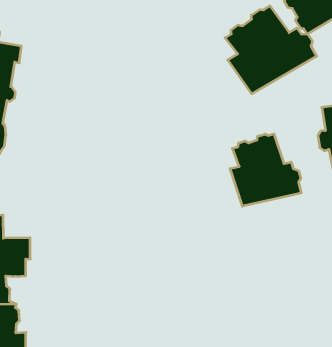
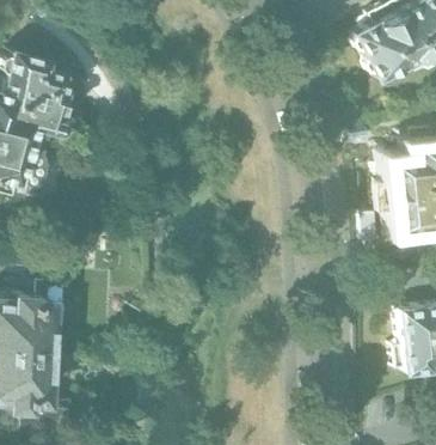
building: [225,6,317,94] -> none
building: [230,134,301,206] -> none

